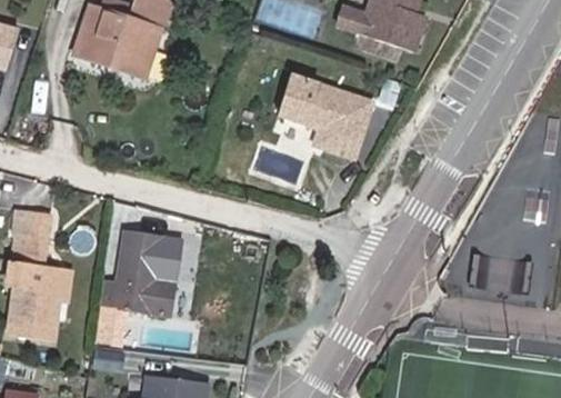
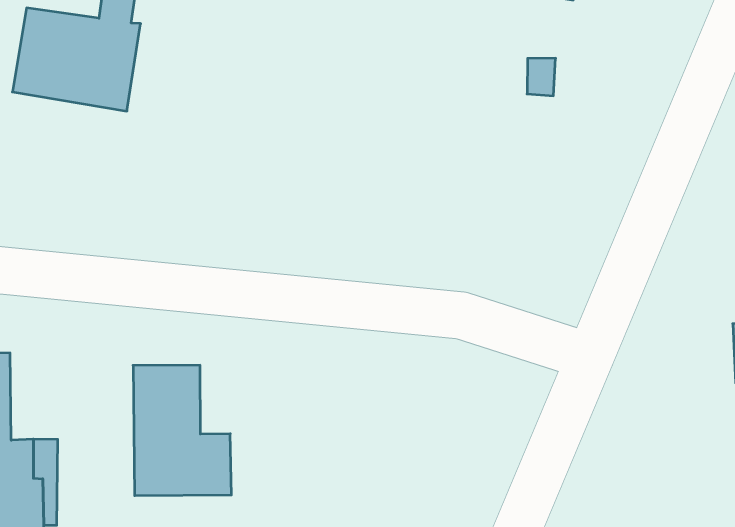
building: [278,74,371,158] -> none

